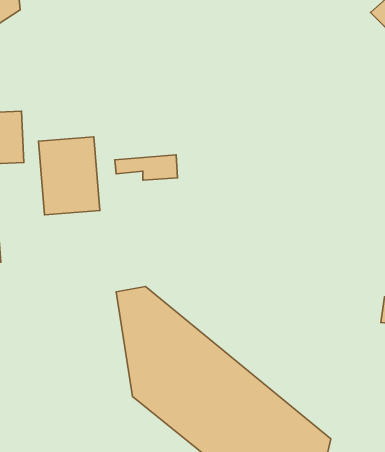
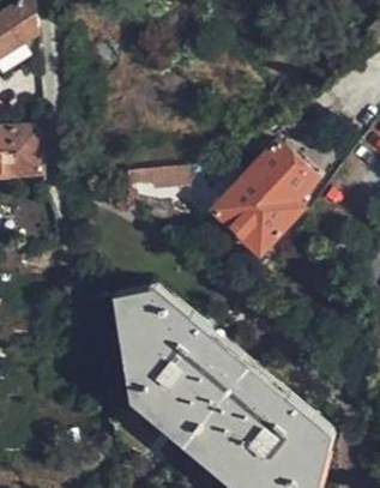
building: none -> [212,140,318,254]
building: [39,137,100,215] -> none

